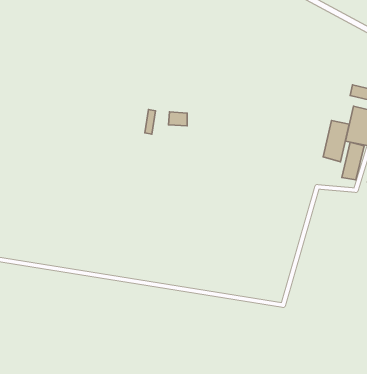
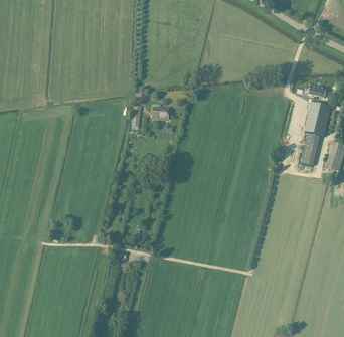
building: [323,121,349,162] -> none

